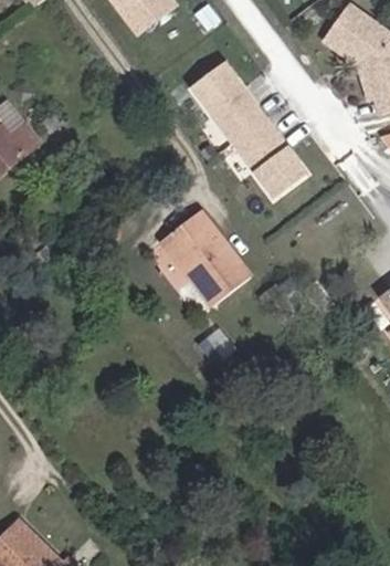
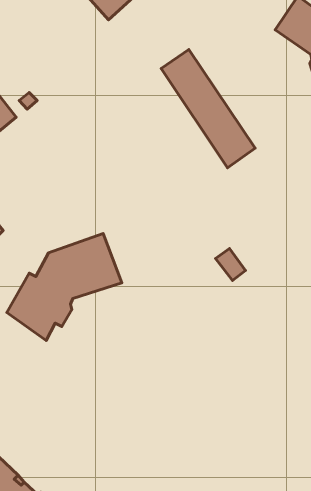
building: [164,212,252,307] -> none
building: none -> [7,234,122,341]

